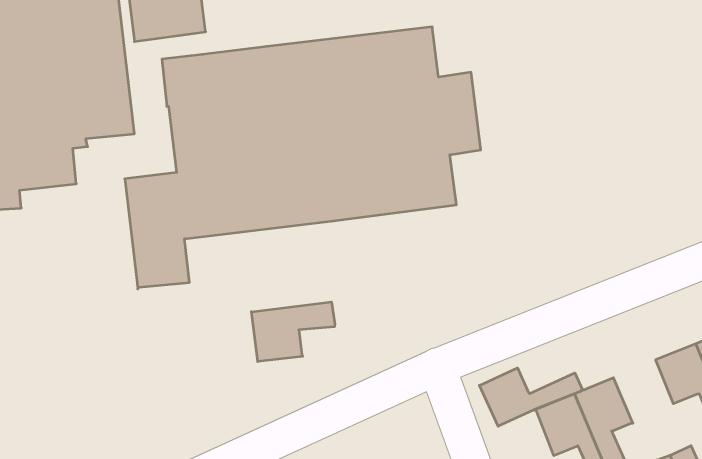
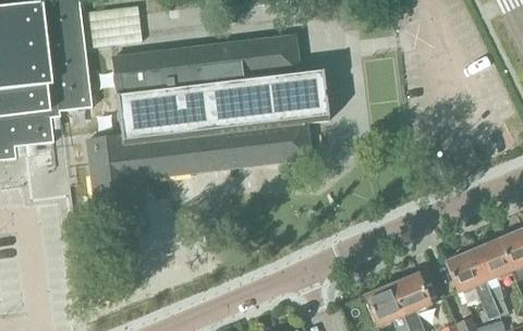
building: [251,302,335,362] -> none
building: [479,368,582,426] -> none

